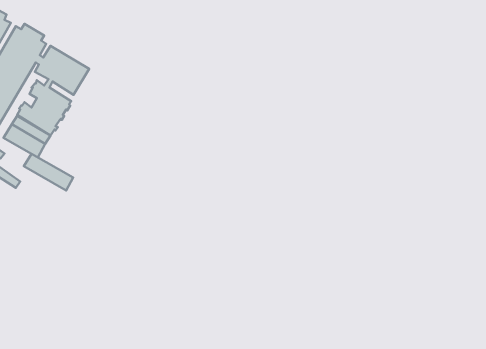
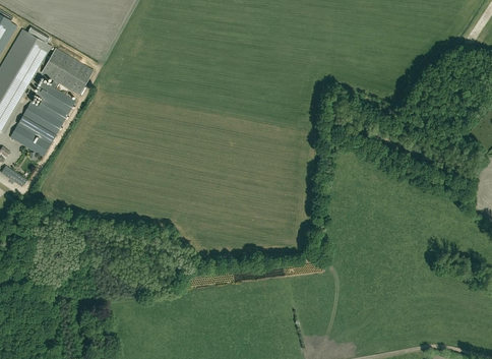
building: [24,154,73,191] -> none

